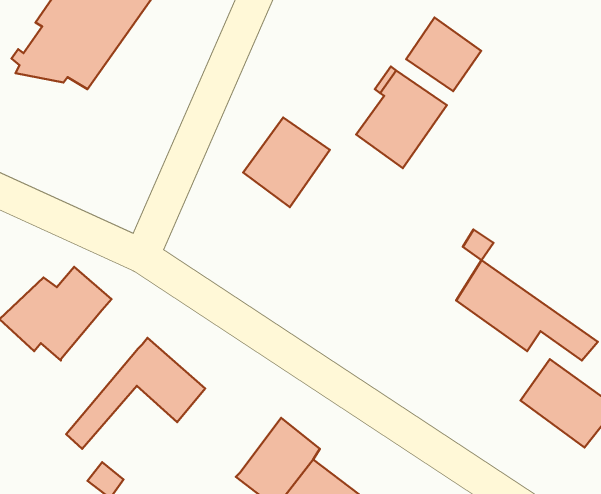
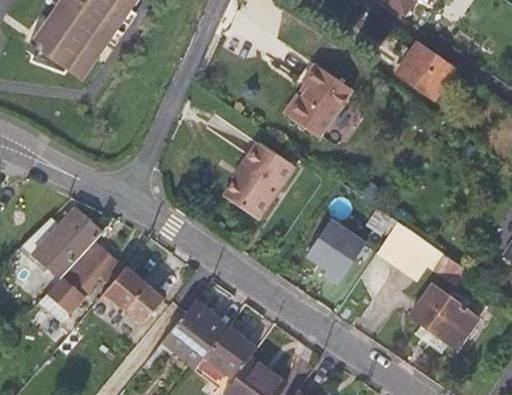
building: [406,18,481,91] -> [395,39,451,94]
building: [243,118,330,207] -> [229,144,294,211]
building: none -> [301,218,362,284]
building: none -> [48,244,123,323]
building: none -> [162,300,227,366]

